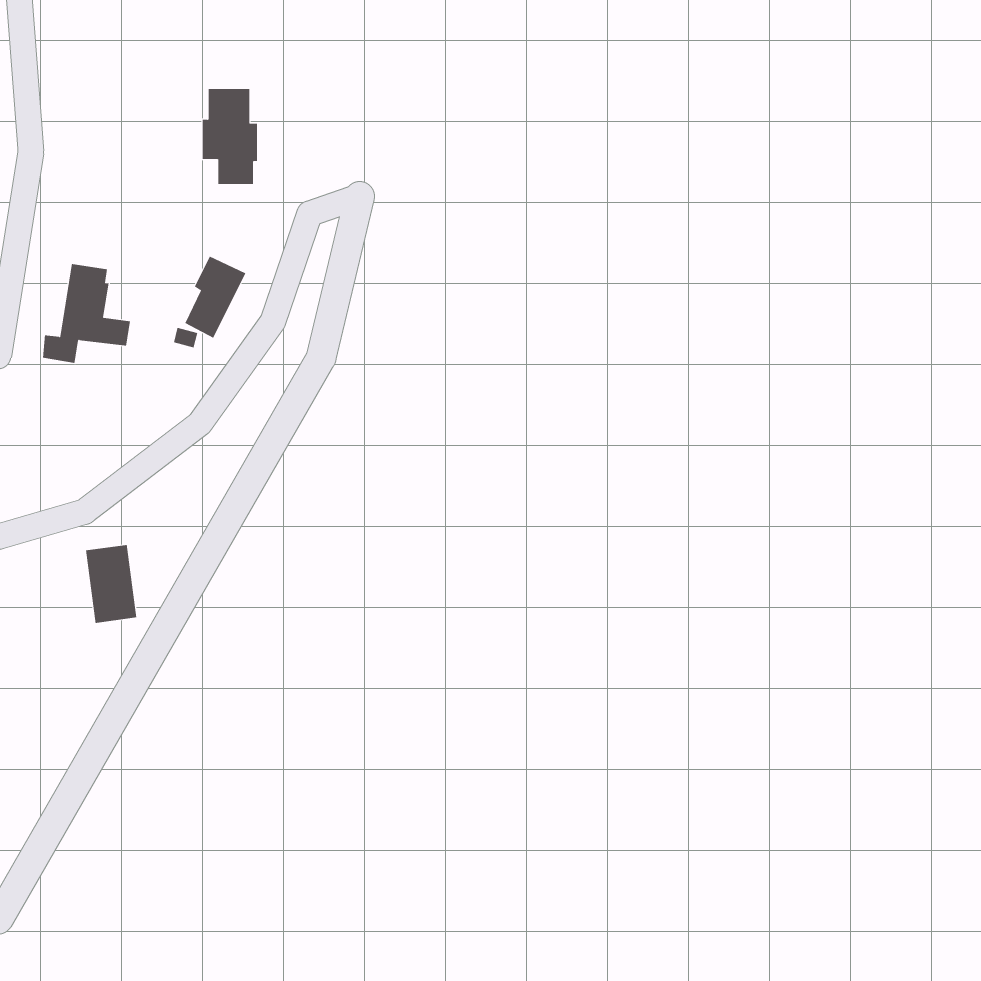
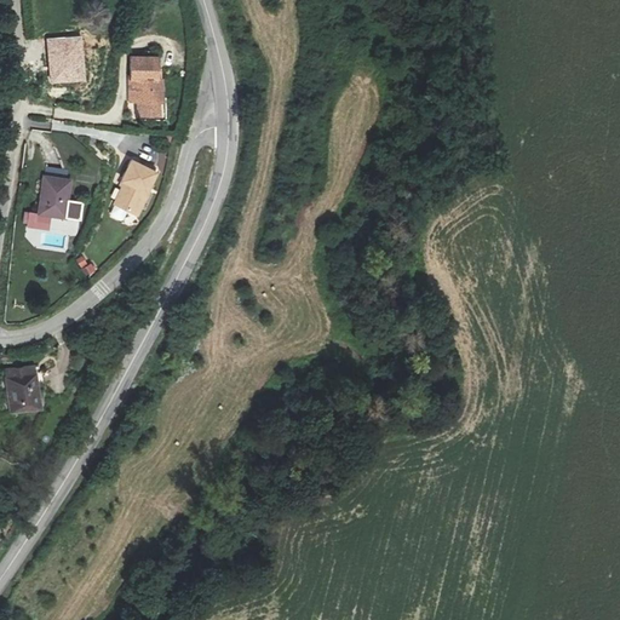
building: none -> [47,36,82,81]
building: [85,545,137,623] -> [5,363,38,413]

